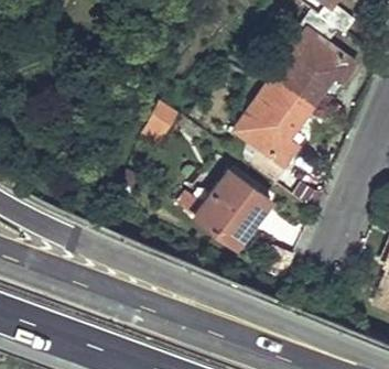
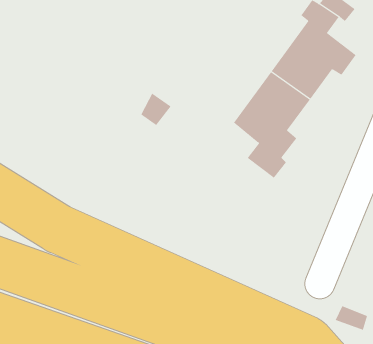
building: [195,169,272,247] -> none

